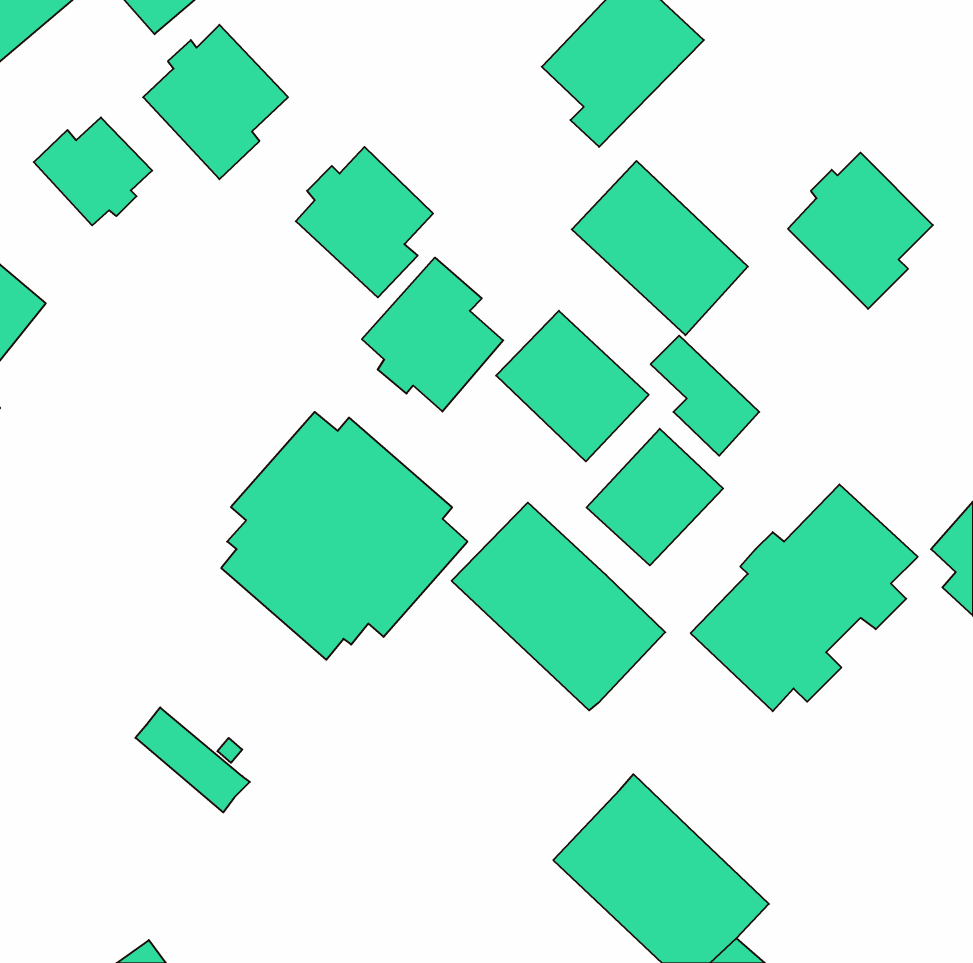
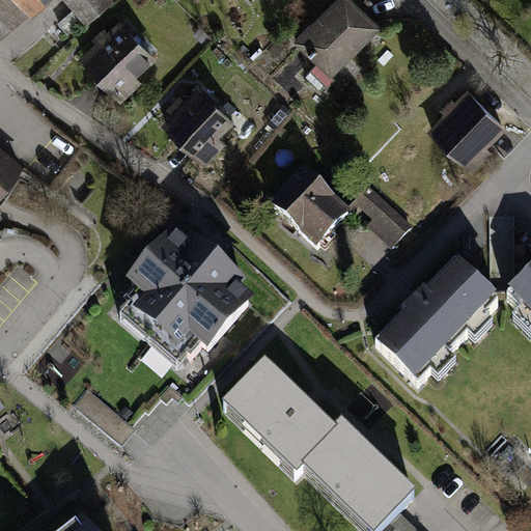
building: [34,117,152,225] -> none
building: [572,161,748,335] -> none
building: [362,258,503,412] -> none
building: [587,429,723,565] -> none
building: [452,503,665,710] -> [221,359,337,472]

